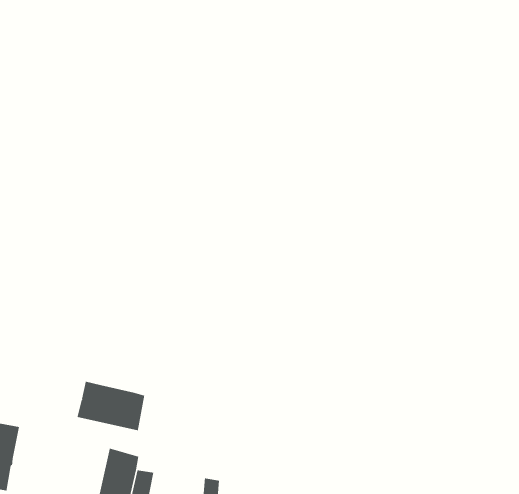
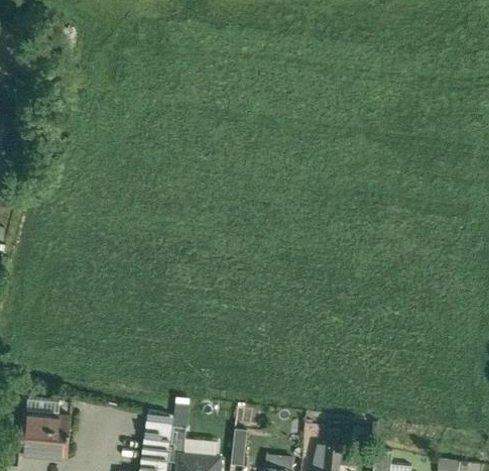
building: [77,381,145,431] -> none

